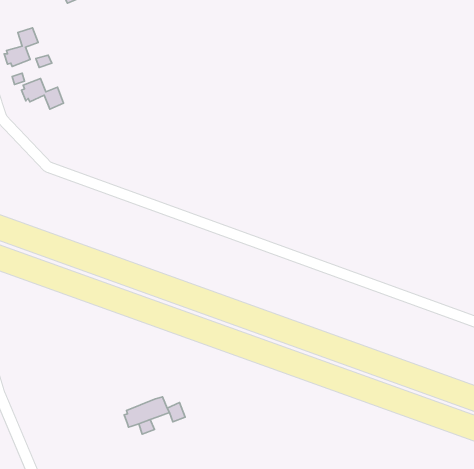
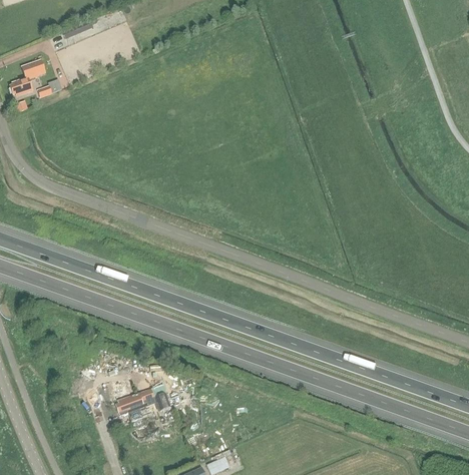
building: [21,79,63,109] -> none

